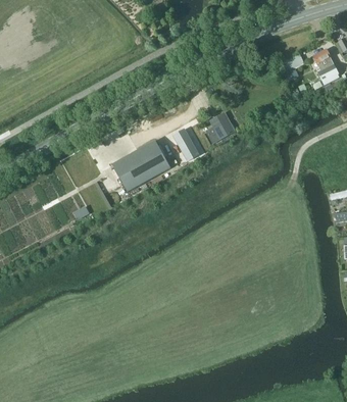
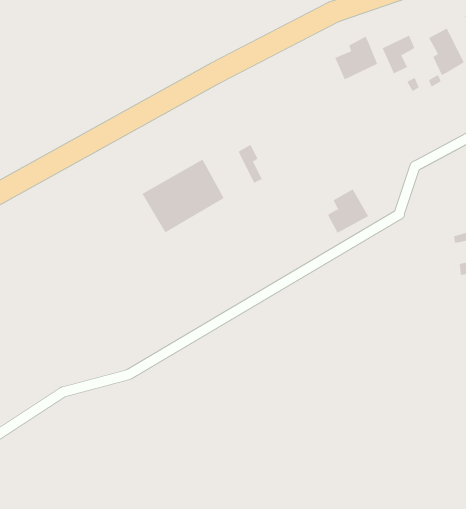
building: none -> [334,36,378,80]
building: [206,111,236,143] -> [327,189,369,234]

